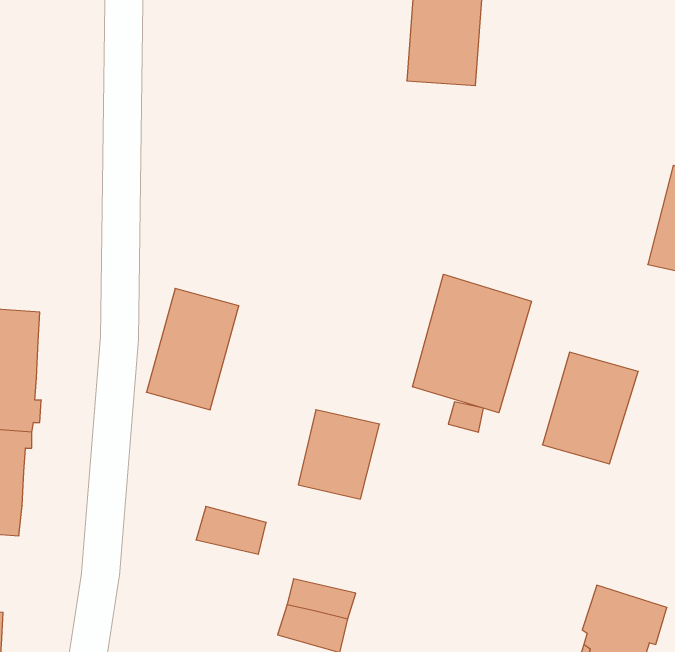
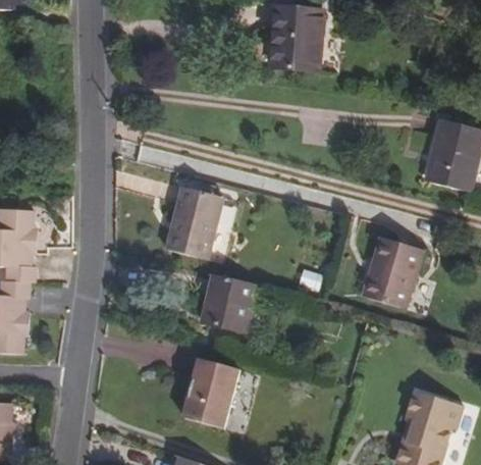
building: [413,274,531,413] -> none
building: [146,288,239,410] -> [161,184,220,261]
building: [196,506,266,554] -> [201,361,246,392]

